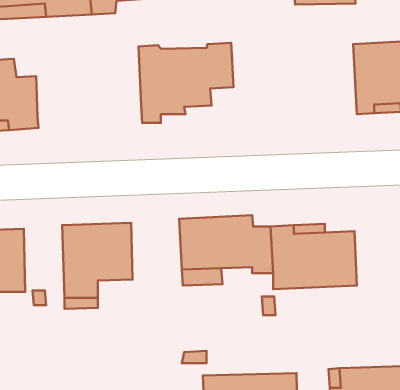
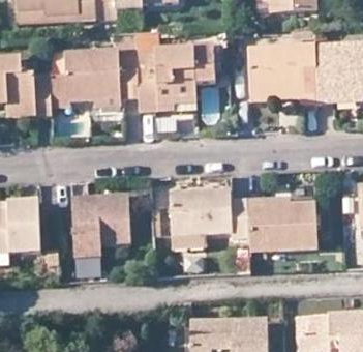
building: none -> [248,45,320,105]
building: none -> [50,47,139,106]

